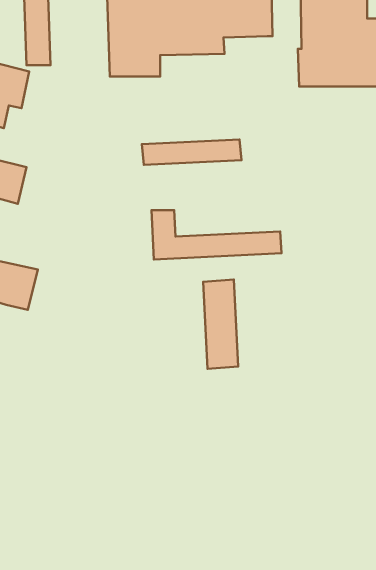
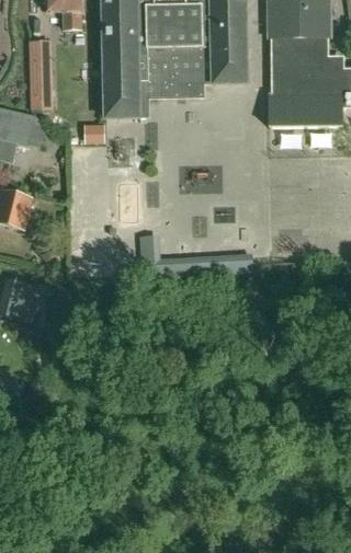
building: [142,139,242,165] -> none
building: [203,279,238,369] -> none

